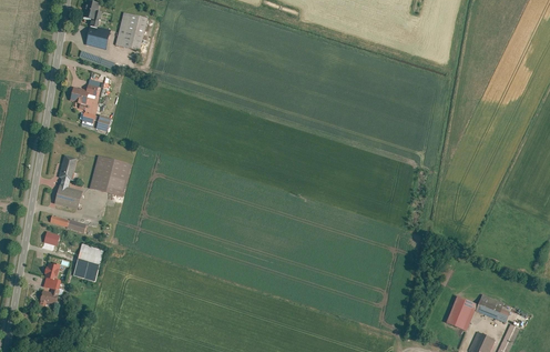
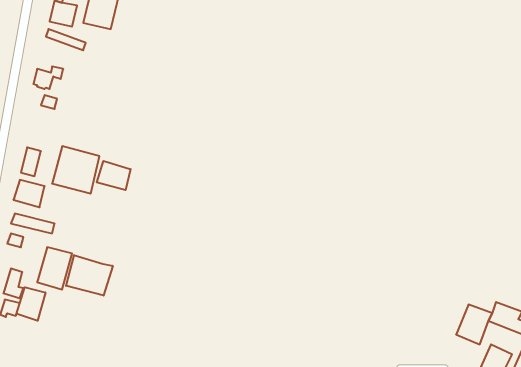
building: none -> [97,161,131,190]
building: none -> [66,255,113,296]
building: none -> [17,287,45,321]

